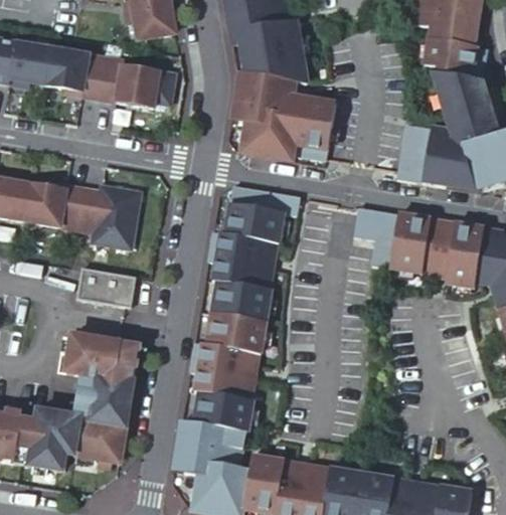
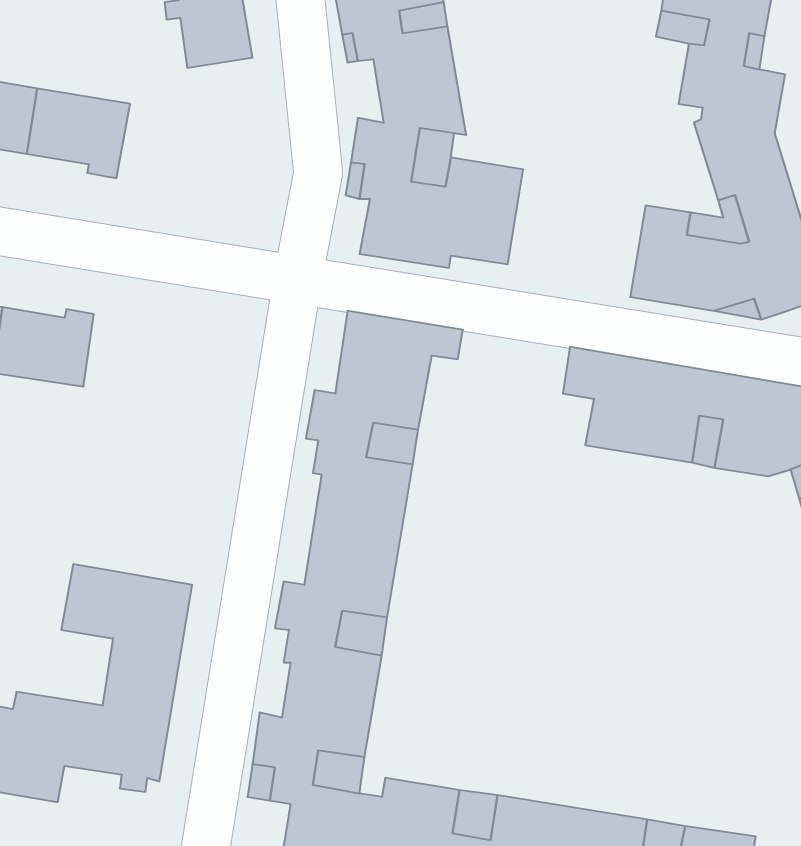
building: [98,63,177,116] -> none
building: [78,184,143,246] -> none
building: [75,265,138,304] -> none

